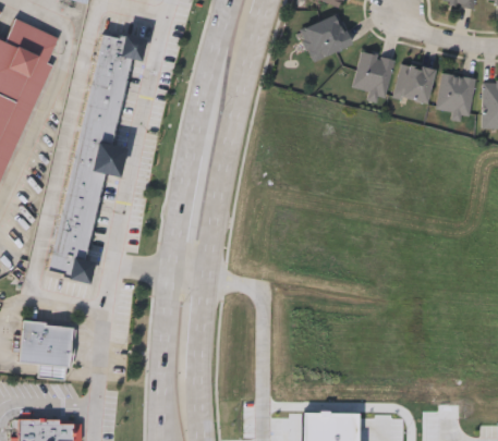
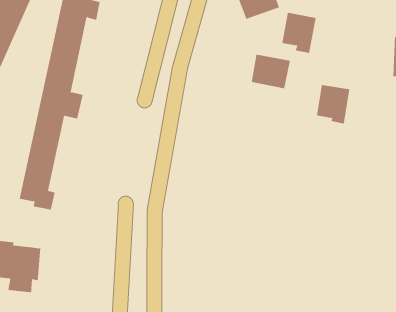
building: [392,62,435,103] -> none
building: [436,73,475,119] -> [316,85,350,124]
building: none -> [251,54,291,89]

